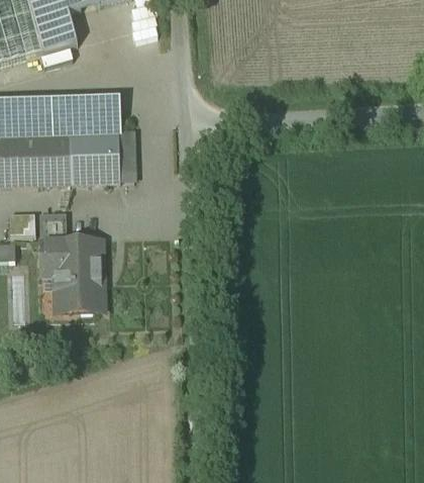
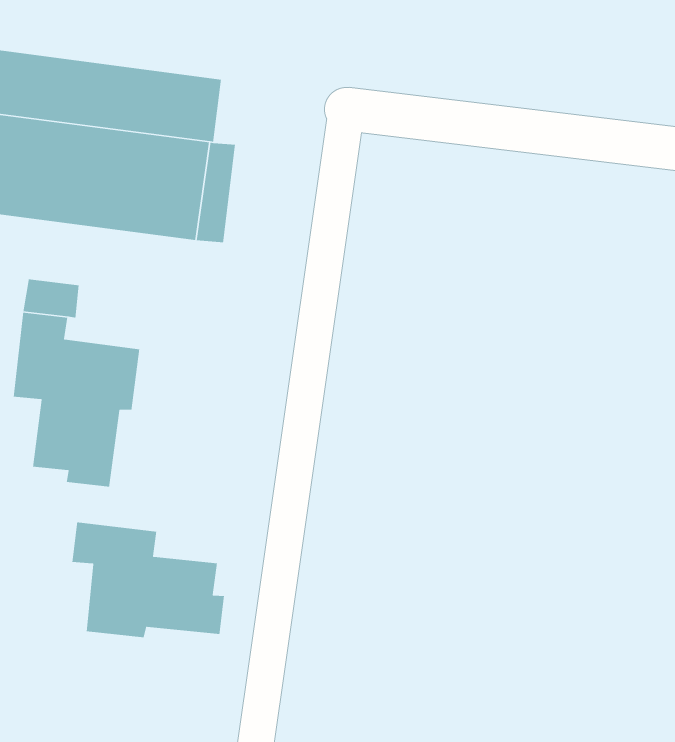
building: none -> [72,522,225,638]

